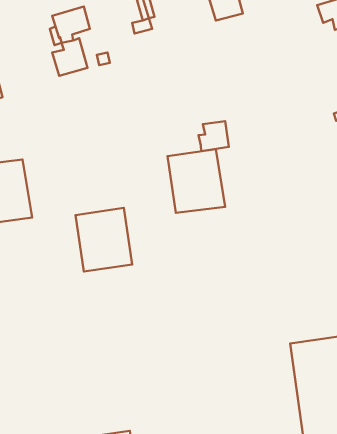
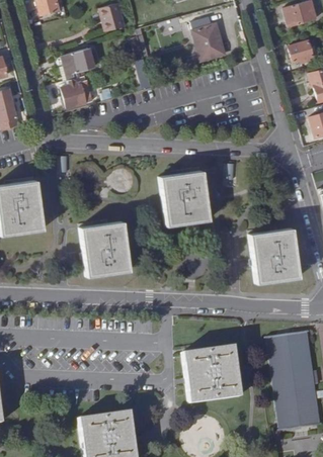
building: [198,121,229,151] -> none
building: none -> [251,227,300,282]
building: none -> [184,346,240,403]

